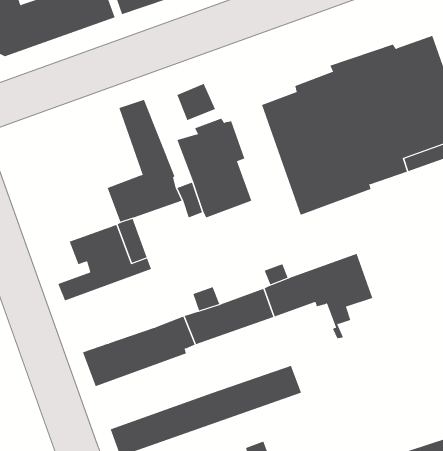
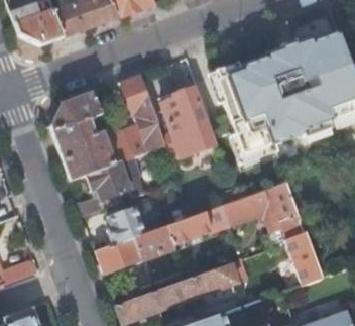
building: none -> [49,91,113,180]
building: none -> [106,206,144,244]
building: none -> [277,213,319,284]

